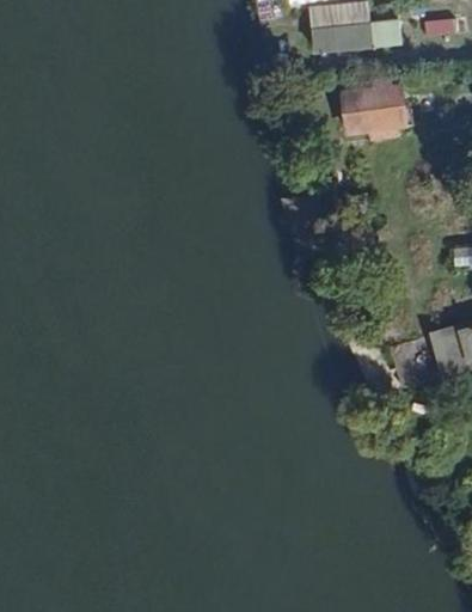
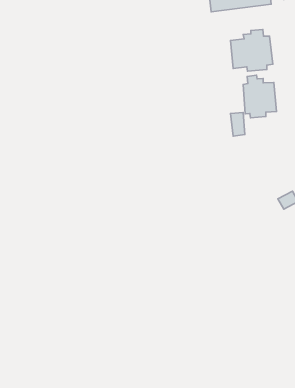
building: none -> [243,75,277,118]

